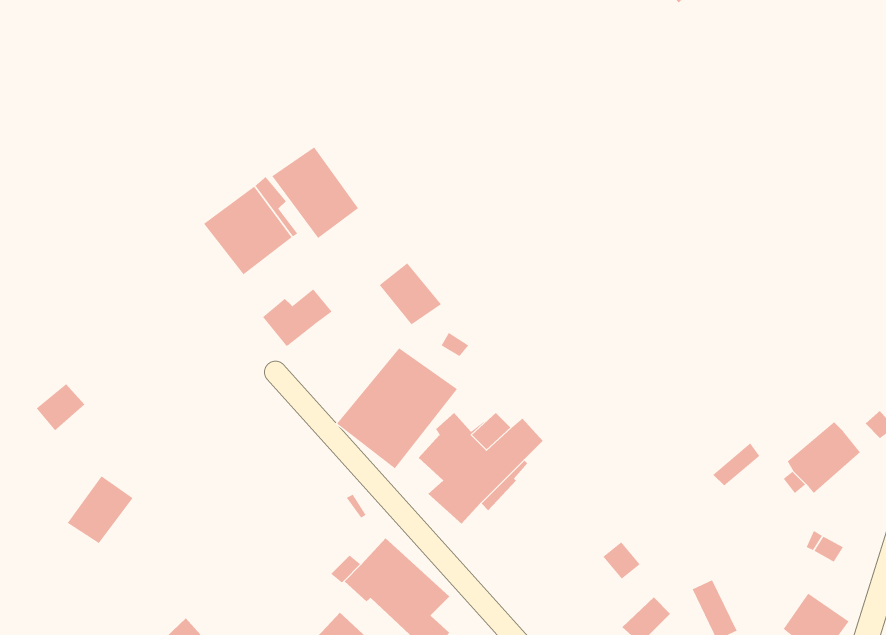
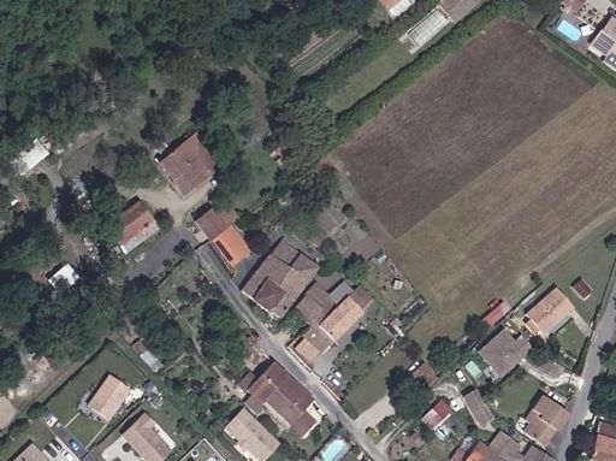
building: [272,147,359,239] -> none
building: [379,262,442,325] -> [212,225,251,265]
building: none -> [105,201,159,253]
building: [67,475,133,544] -> [89,374,131,418]
building: none -> [480,330,533,376]

